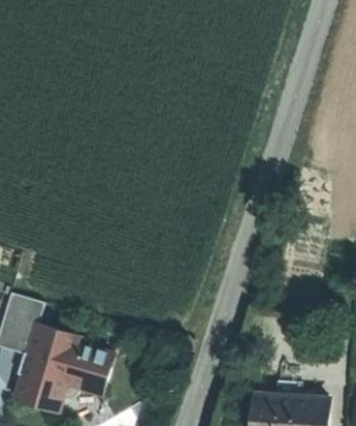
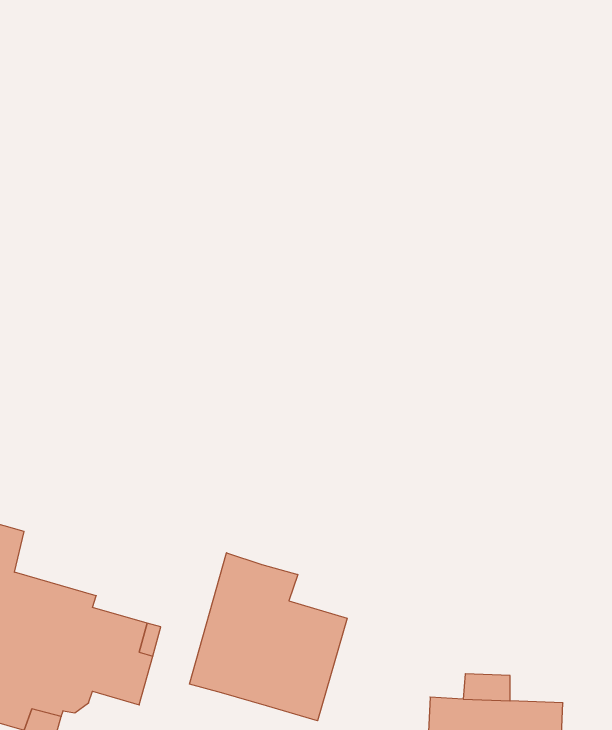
building: none -> [189,553,347,721]

